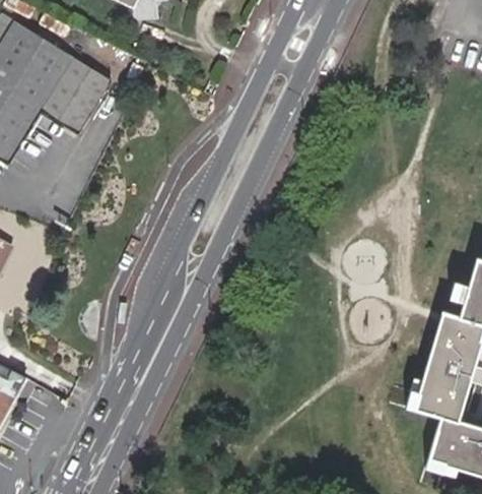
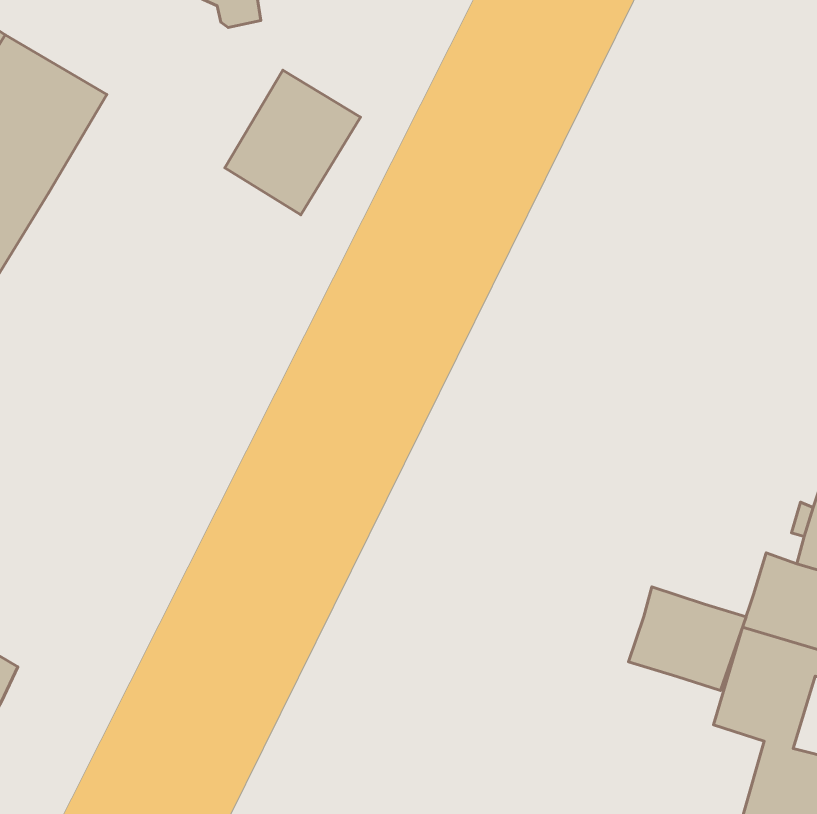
building: [40,56,116,137] -> [225,70,361,215]
building: none -> [628,587,746,690]

